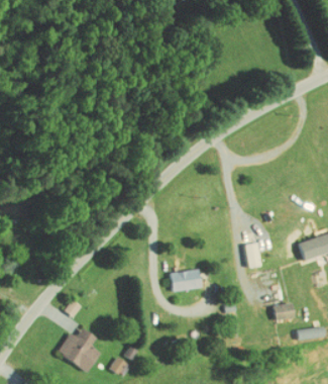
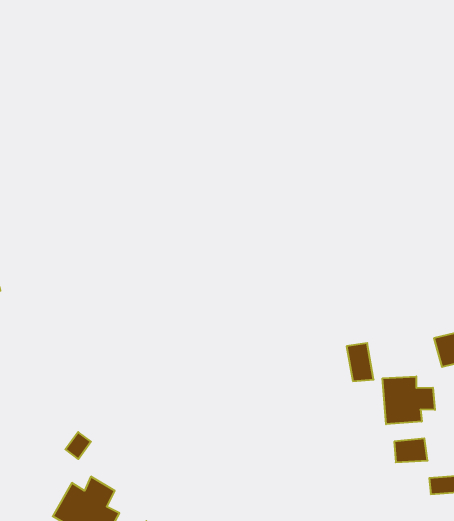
building: none -> [383,376,435,424]
building: [170,270,201,292] -> none

